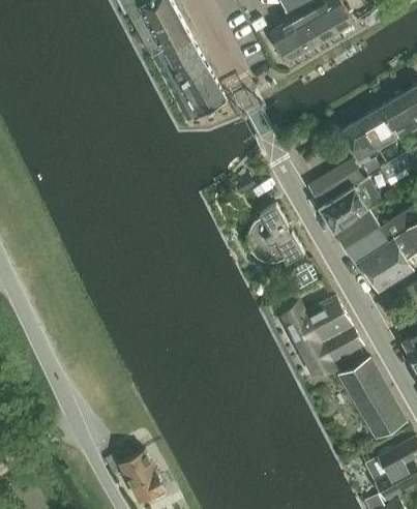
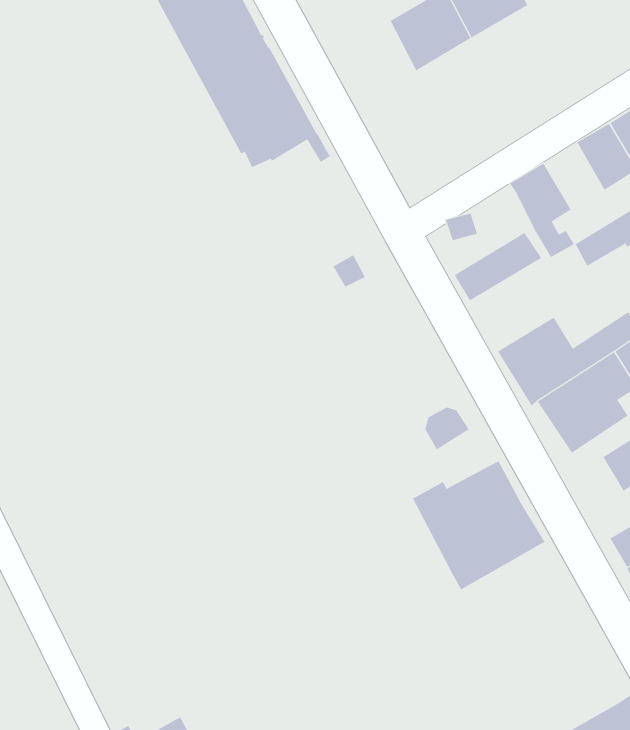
building: [363,107,399,147] -> none
building: [319,178,382,232] -> none
building: [247,201,304,263] -> none
building: [339,359,408,441] -> none

